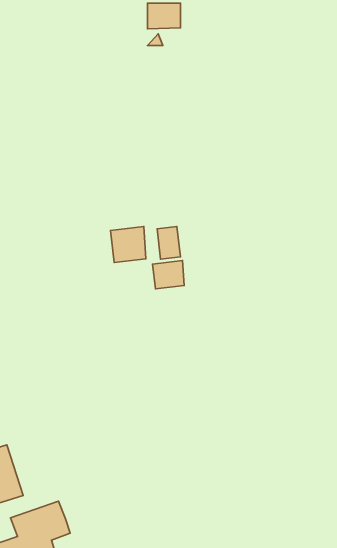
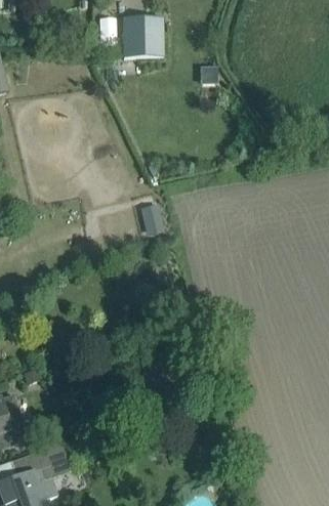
building: [111,227,146,262] -> none
building: [153,261,184,289] -> none

